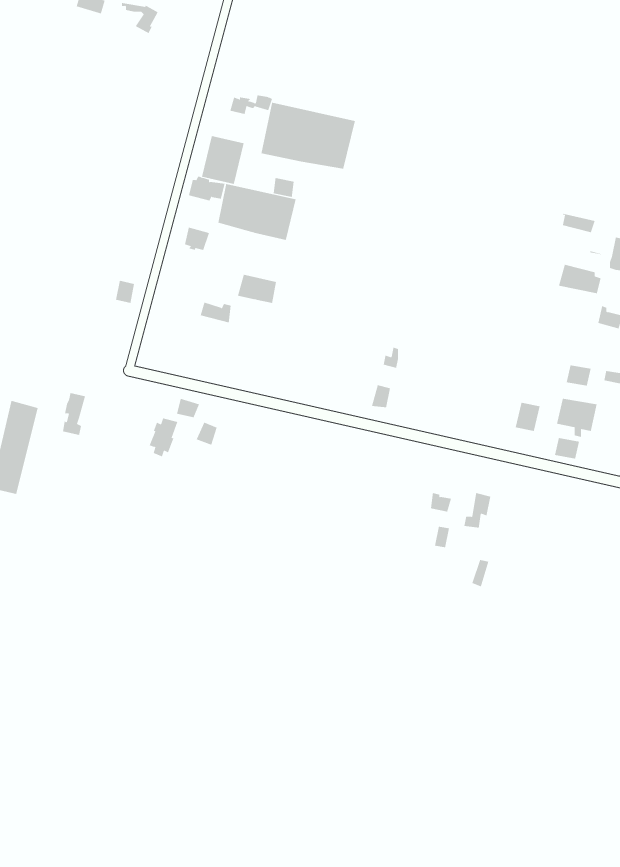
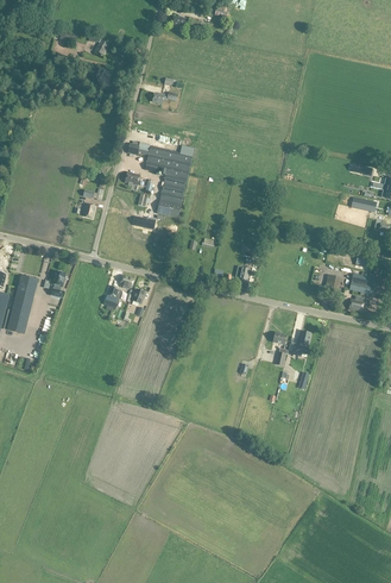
building: [261,102,356,169] -> none
building: [201,135,244,185] -> [160,175,187,205]

